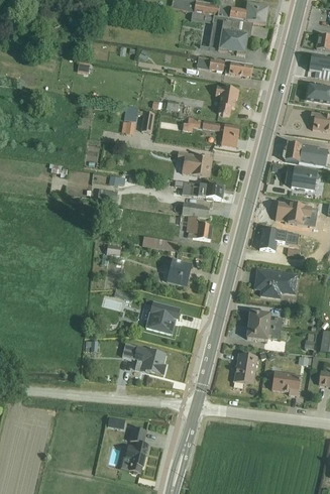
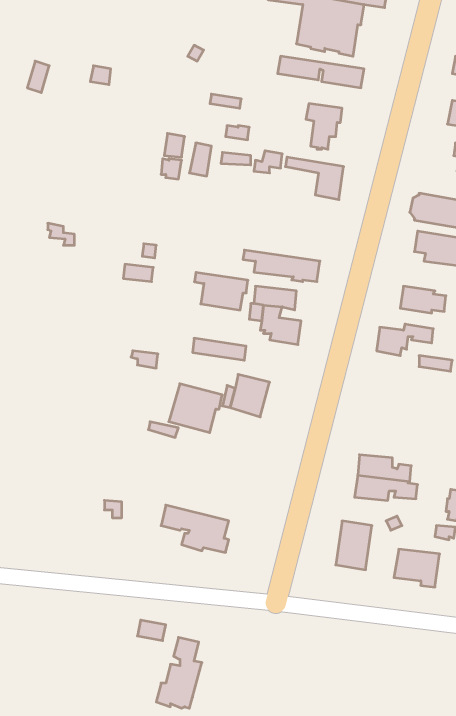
building: [178,152,212,176] -> [194,272,248,310]
building: [254,269,298,297] -> none
building: [145,302,180,334] -> [169,384,222,433]

